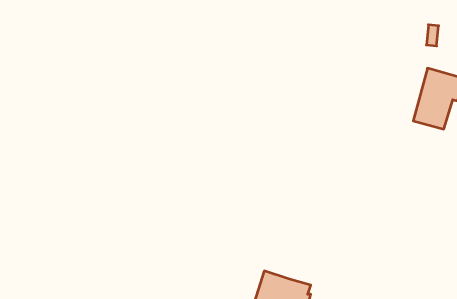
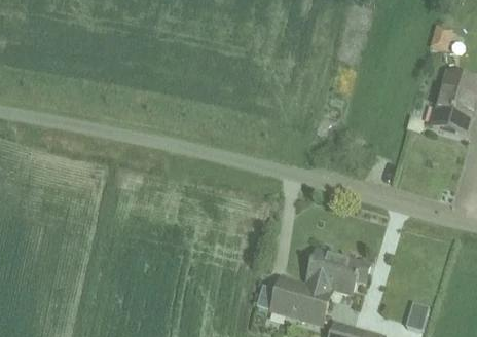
building: none -> [305,247,369,292]

